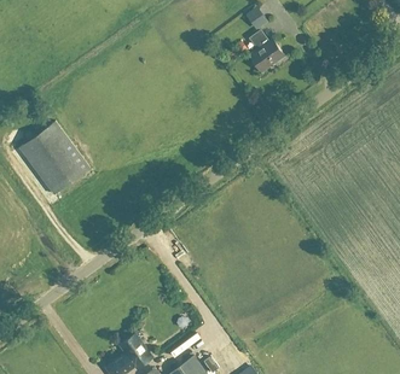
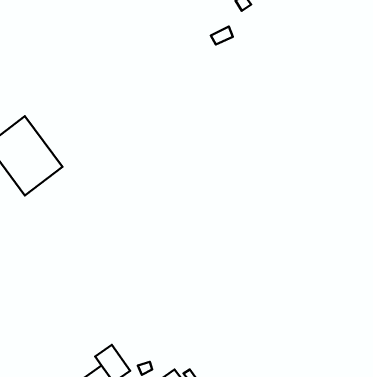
building: [247,30,283,71] -> none

